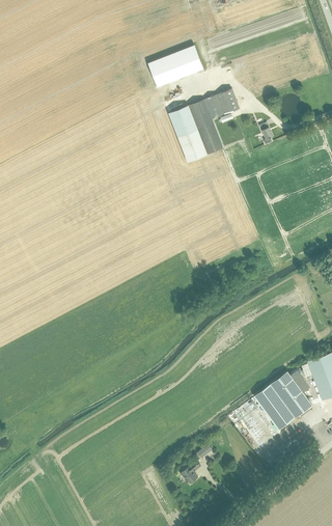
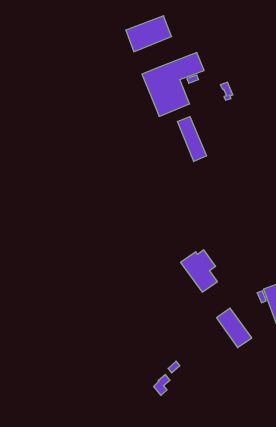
building: none -> [178,117,206,162]
building: [270,368,312,417] -> [181,250,217,292]

